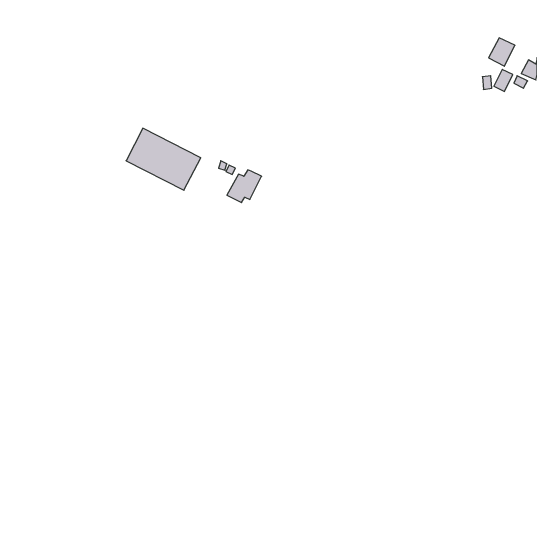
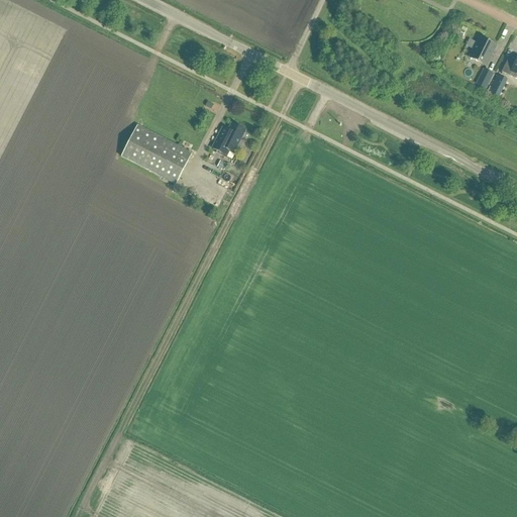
building: [227,170,262,203] -> [211,122,244,153]

